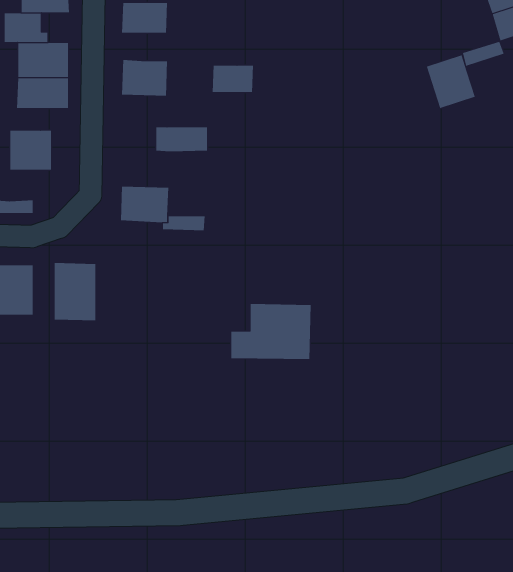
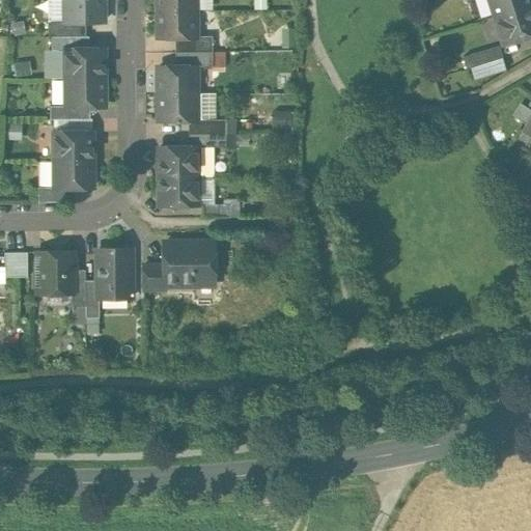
building: [426,55,476,109] -> none
building: [212,65,254,93] -> [174,38,213,63]
building: none -> [155,94,197,123]
building: none -> [54,107,83,127]
building: none -> [156,144,200,178]
building: none -> [54,163,92,191]
building: none -> [76,272,94,319]
building: [230,304,311,360] -> [142,239,216,289]

